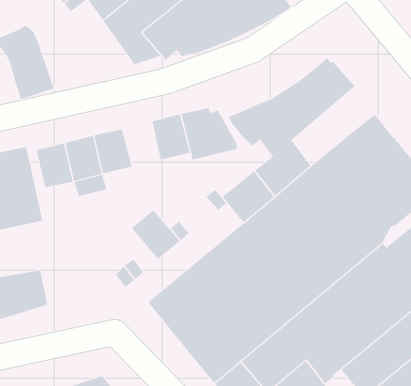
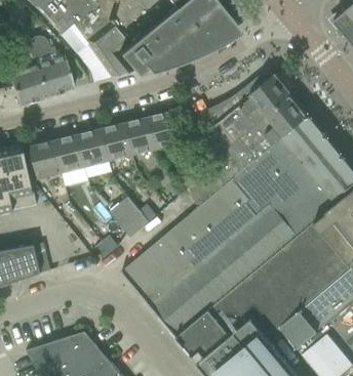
building: none -> [22,34,73,97]
building: none -> [239,95,308,160]
building: none -> [101,124,131,161]

